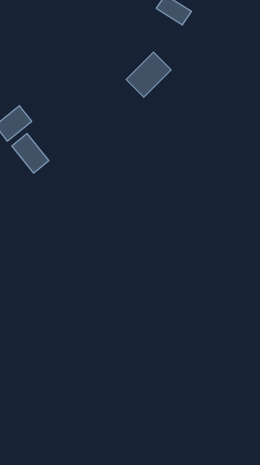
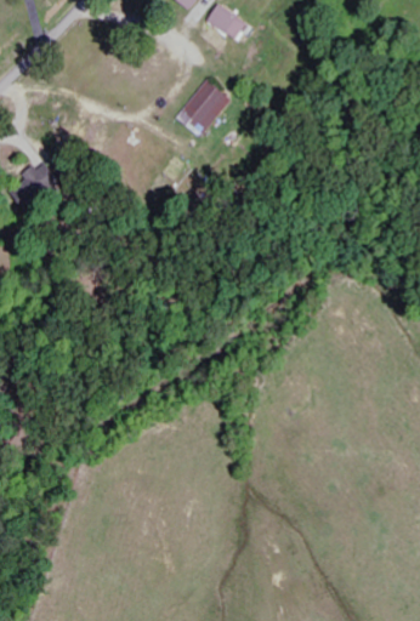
building: [12,134,49,173] -> none

